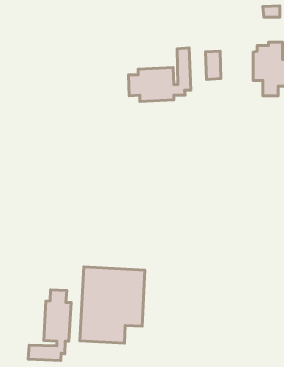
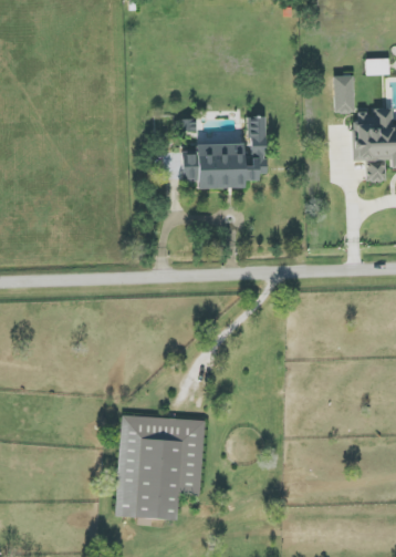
building: [206,51,221,79] -> [333,74,354,113]
building: [28,290,71,360] -> none

